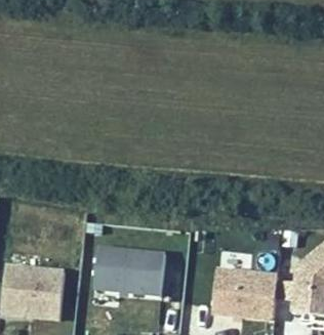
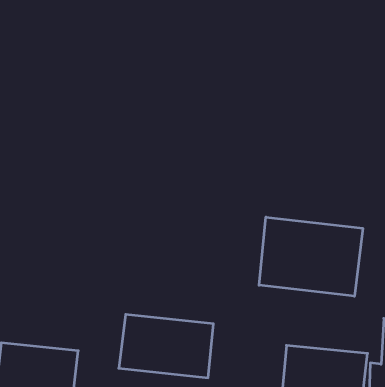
building: none -> [259,217,363,296]

